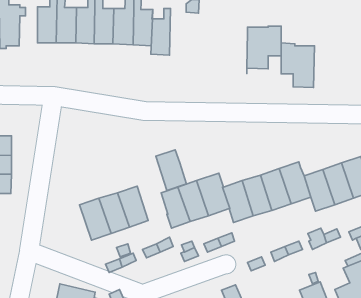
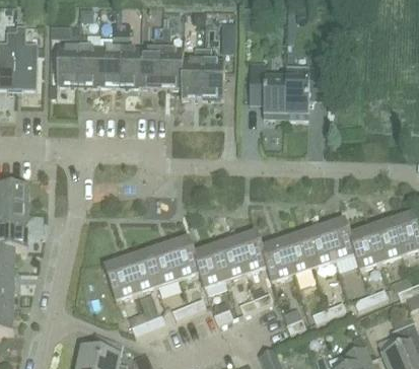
building: none -> [201,48,224,98]
building: [281,43,314,88] -> [250,70,286,119]
building: [156,150,186,191] -> [165,234,199,279]

